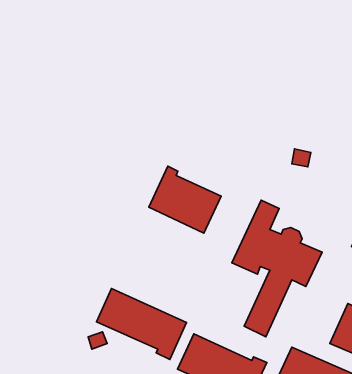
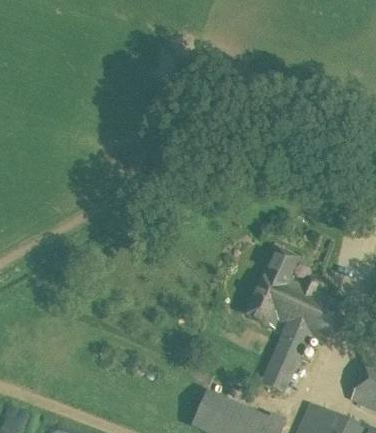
building: [149,166,221,233] -> none
building: [97,289,186,360] -> none

